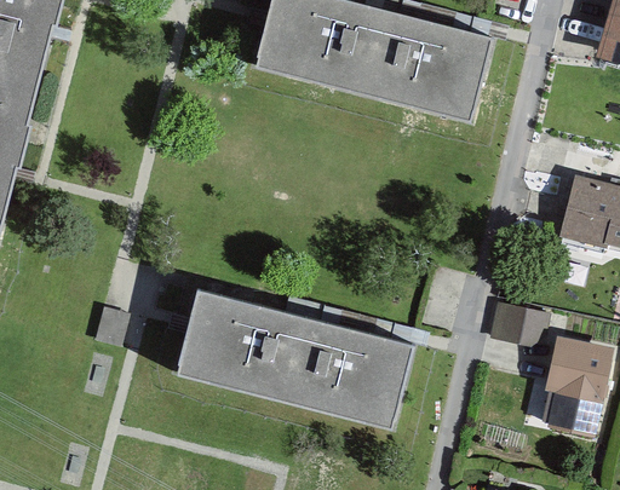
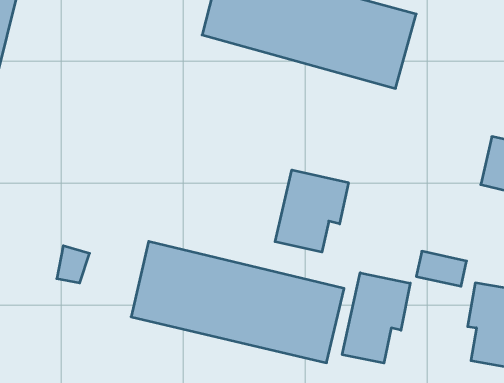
building: none -> [275,170,348,252]
building: none -> [342,273,410,363]

